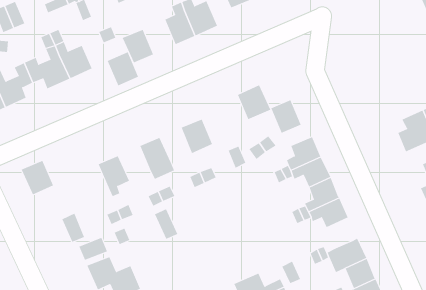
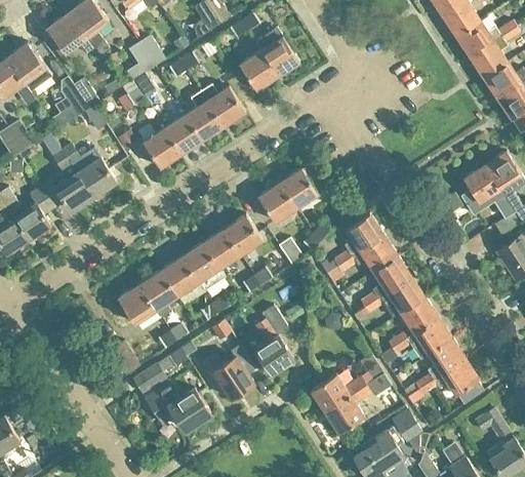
building: [107,51,139,86] -> [164,114,202,154]
building: [270,100,301,134] -> [258,183,295,222]
building: none -> [202,229,240,269]
building: none -> [160,256,198,296]
building: [21,160,54,195] -> [117,284,156,324]
building: none -> [255,306,292,372]
building: none -> [401,296,437,332]
building: none -> [201,355,253,398]

